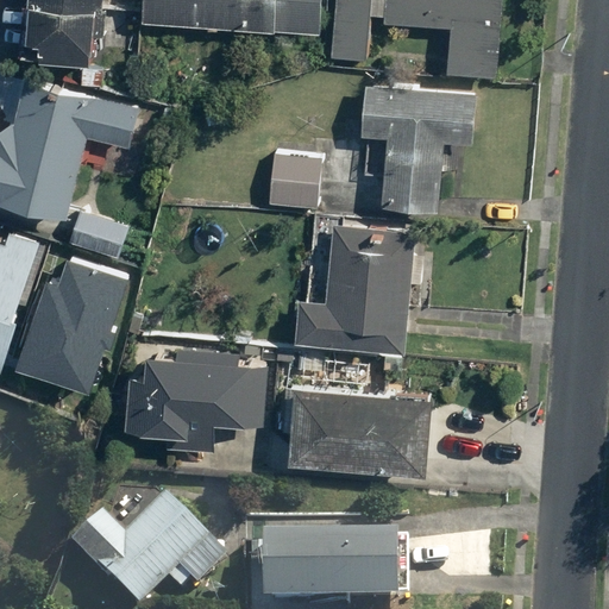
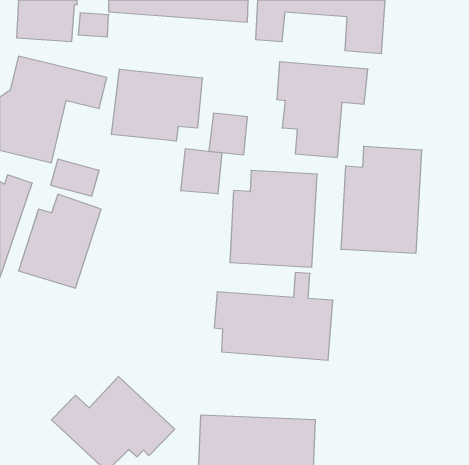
building: none -> [111,69,202,141]
building: none -> [341,146,422,253]
building: none -> [181,149,222,194]
building: [121,349,266,456] -> none

